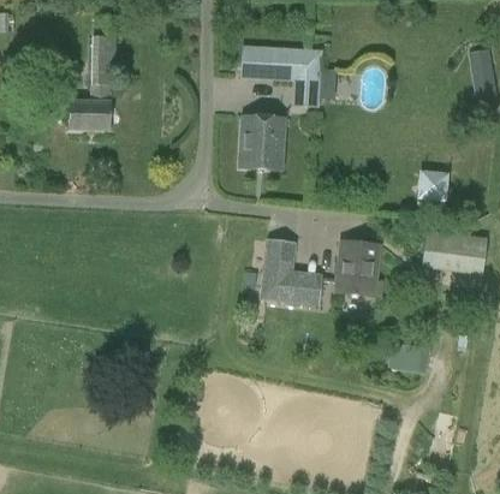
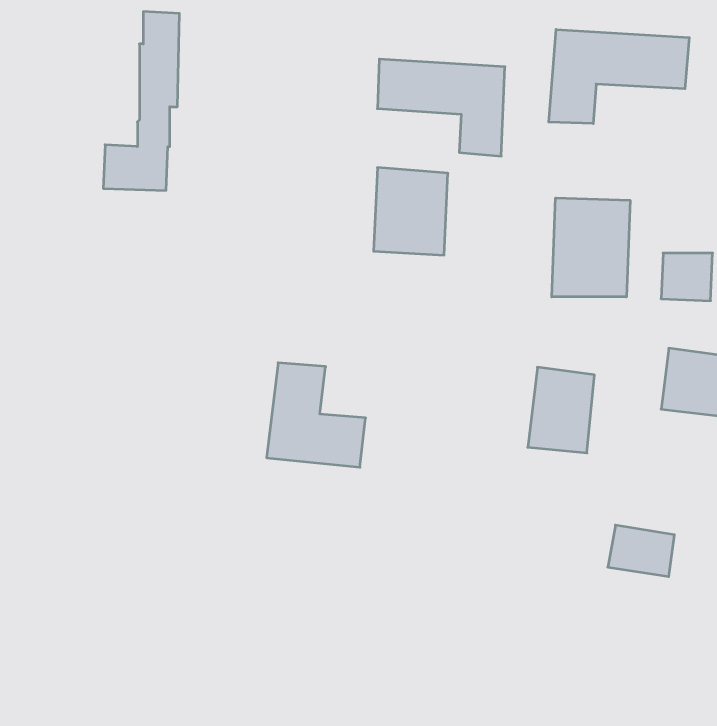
building: none -> [549,29,689,124]
building: none -> [552,198,630,297]
building: [260,238,322,304] -> [267,363,366,467]

